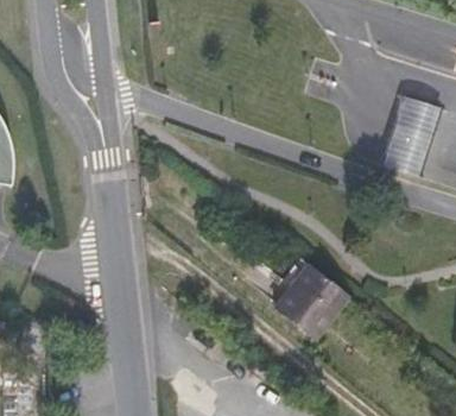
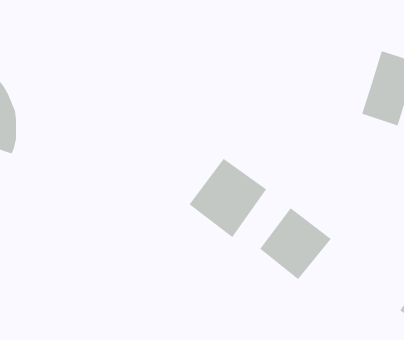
building: none -> [188,158,267,238]

